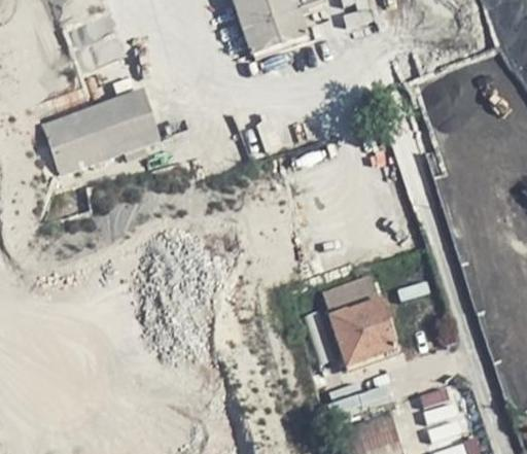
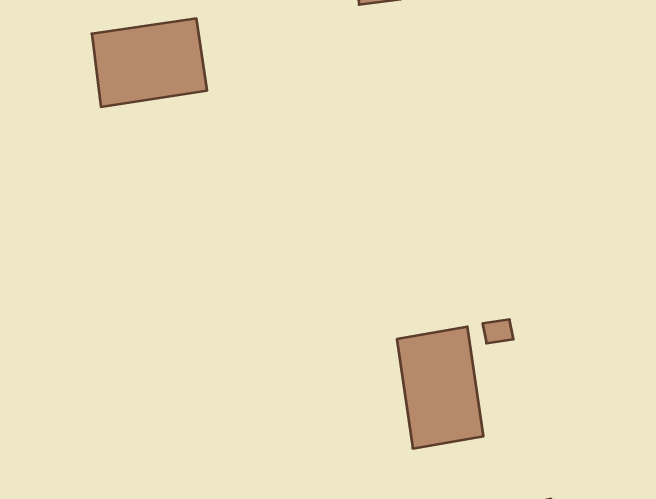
building: [43,113,85,172] -> none

